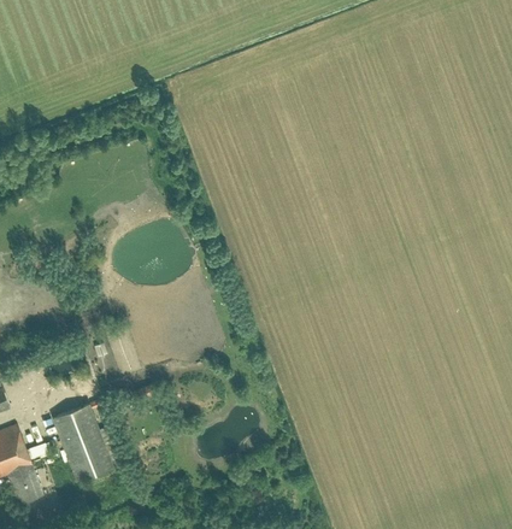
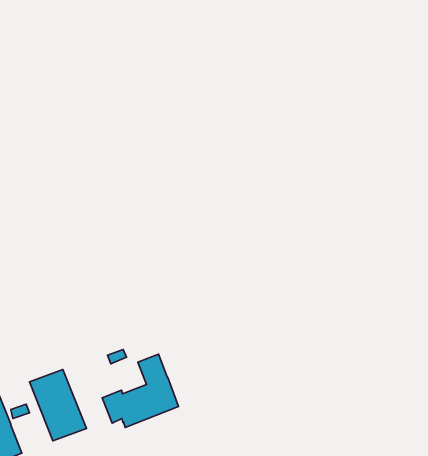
building: none -> [102,354,179,428]

